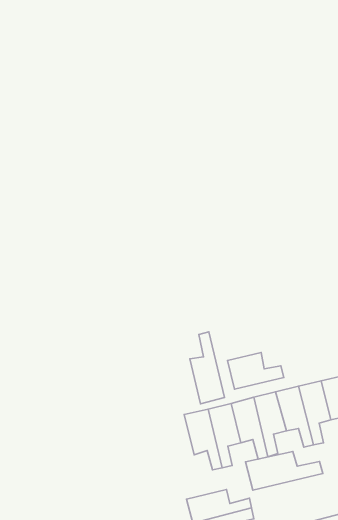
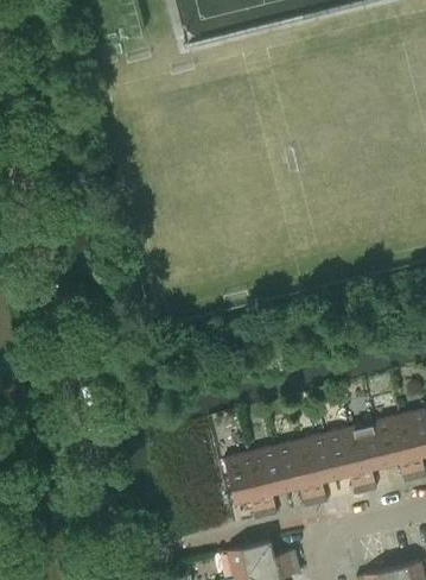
building: [190,332,225,404] -> none
building: [227,353,284,389] -> none
building: [246,452,323,490] -> none

